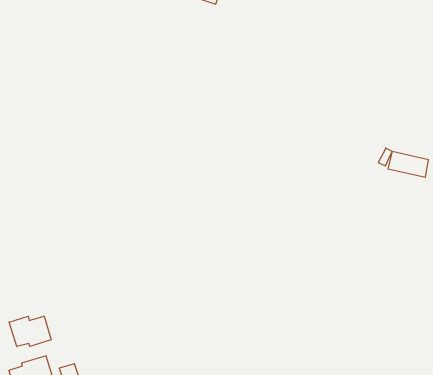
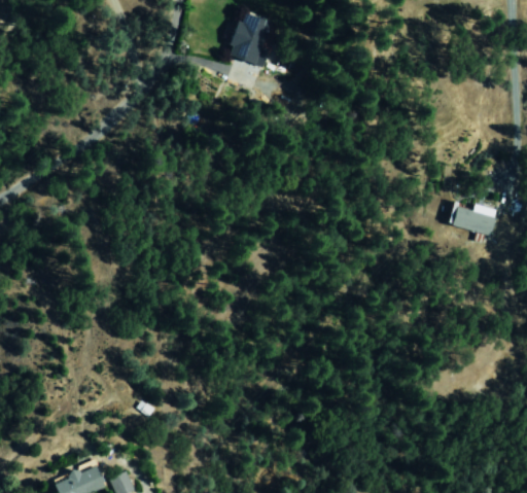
building: [9,316,51,347] -> none

